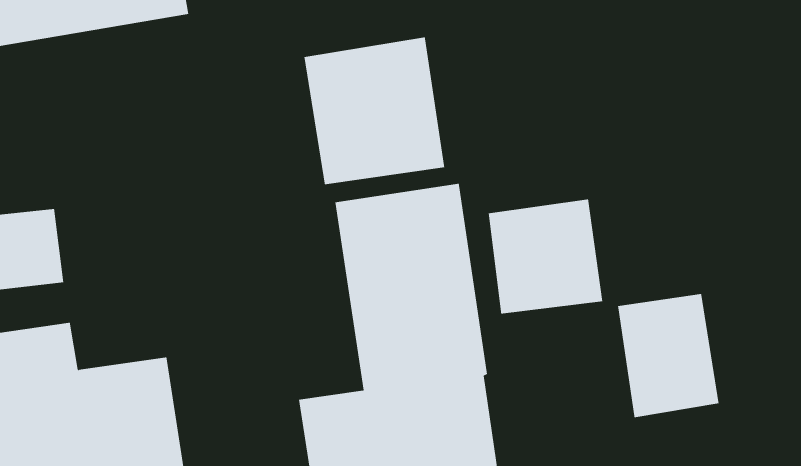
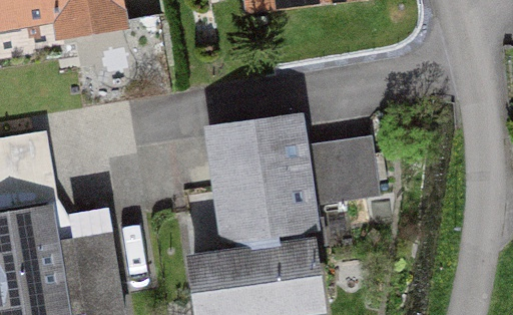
building: [304,36,445,185] -> none
building: [618,293,719,418] -> none

